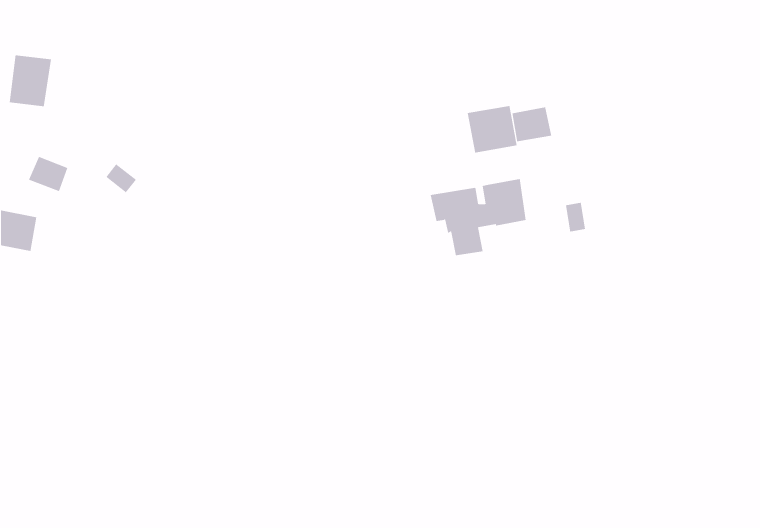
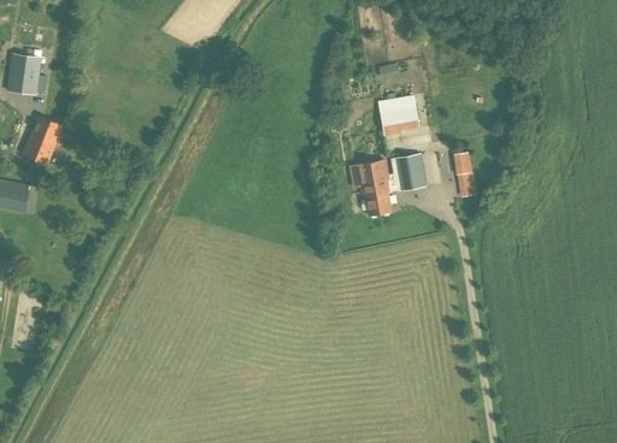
building: [512,106,552,142] -> none
building: none -> [31,116,63,144]

